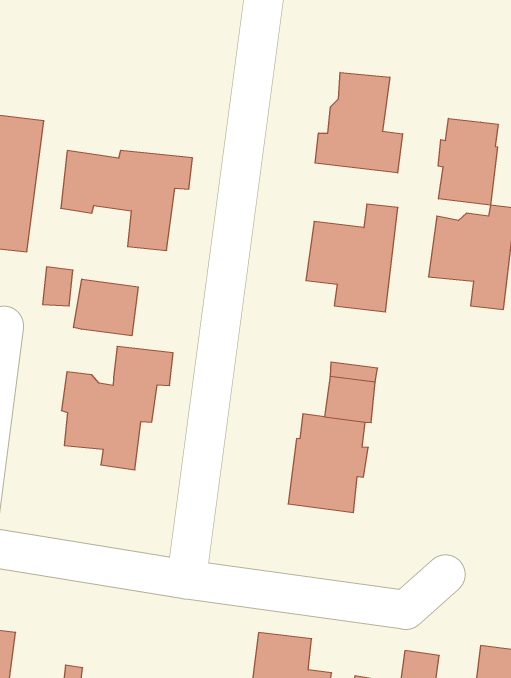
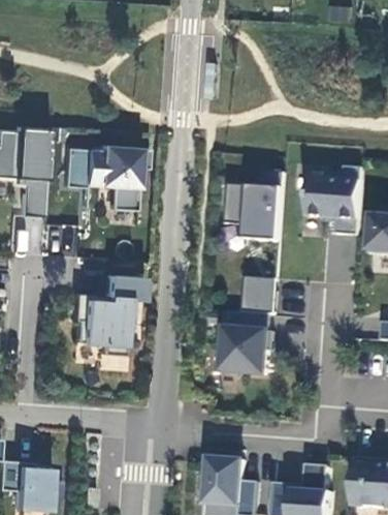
building: [315,72,403,173] -> none
building: [438,118,498,205] -> none
building: [74,279,138,336] -> none

